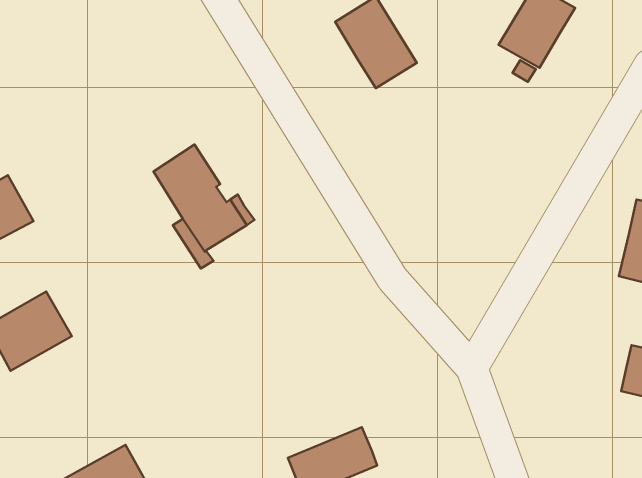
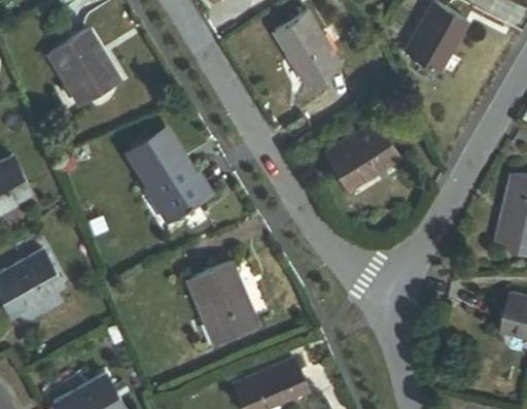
building: none -> [49,34,117,105]
building: none -> [325,121,399,191]
building: none -> [189,264,257,343]

